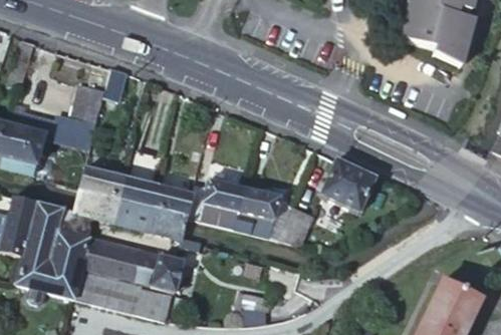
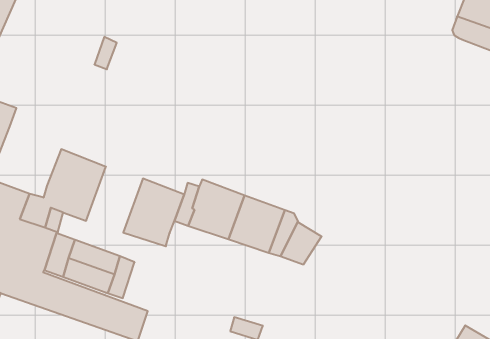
building: [51,84,103,147] -> none
building: [112,148,161,231] -> none
building: [319,159,374,213] -> none
building: [150,255,182,293] -> none

